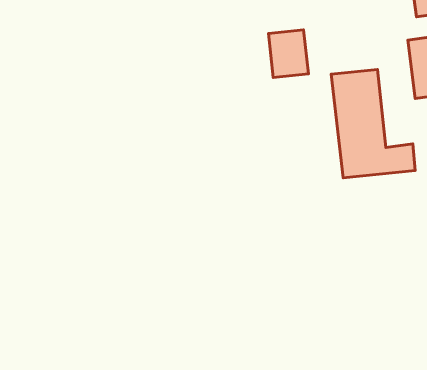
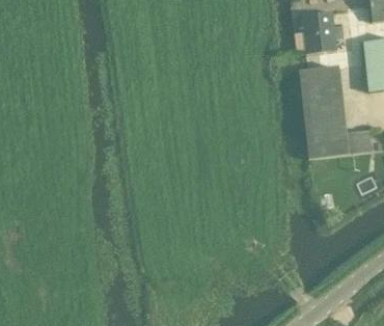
building: [268,30,309,77] -> [303,11,337,52]

